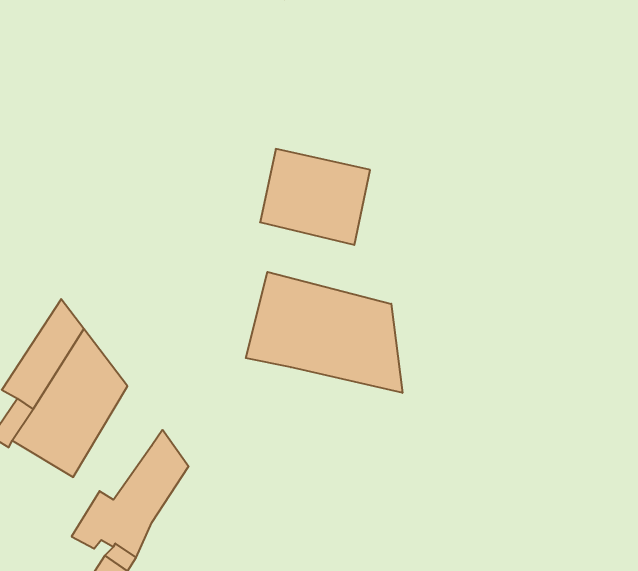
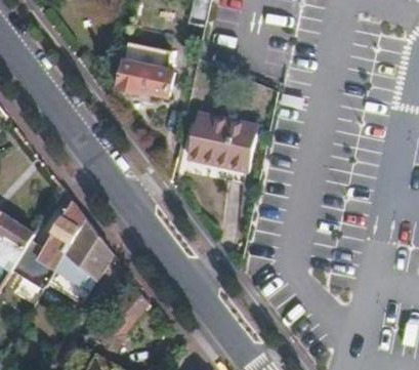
building: none -> [118,43,172,94]
building: [246,272,402,393] -> none

